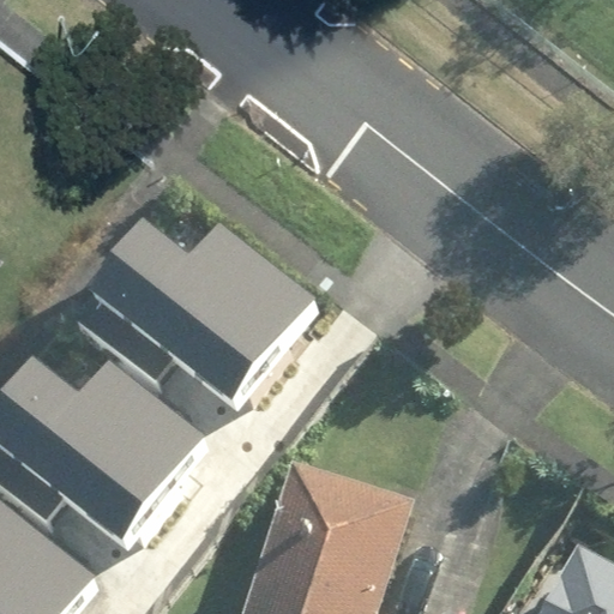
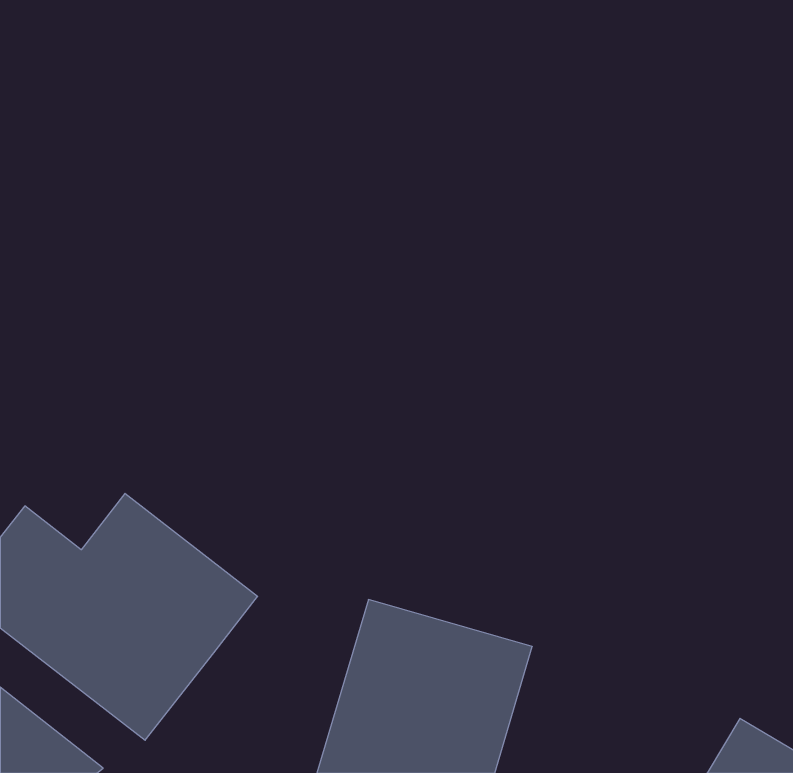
building: [80,233,308,429] -> none

